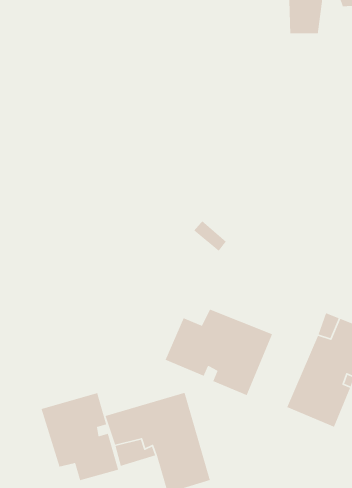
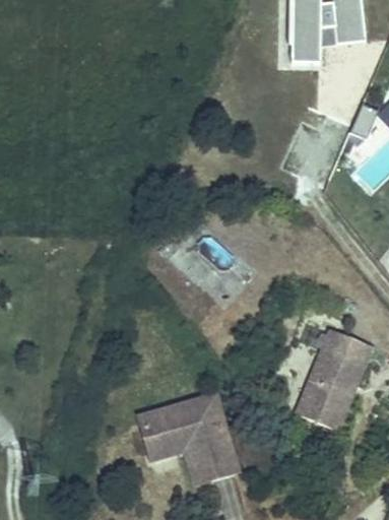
building: [165,308,273,396] -> none
building: [41,392,119,481] -> none

